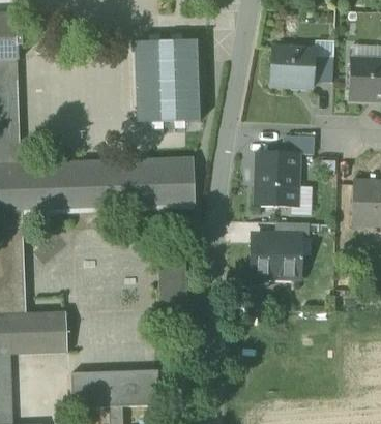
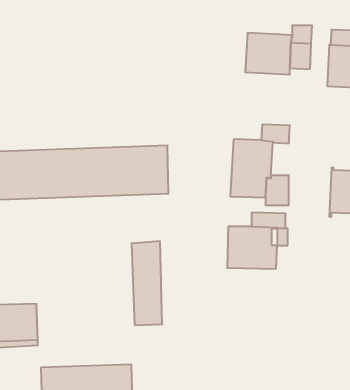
building: [135,37,201,122] -> none

